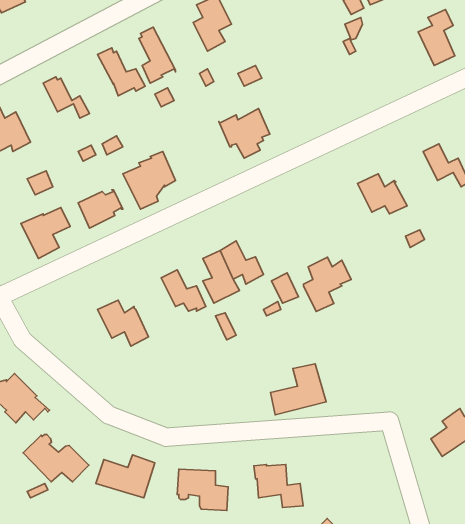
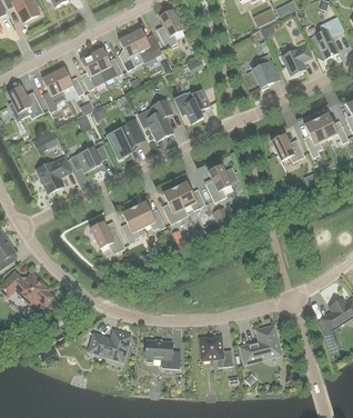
building: none -> [129,27,162,61]
building: none -> [280,43,312,74]
building: none -> [81,50,104,90]
building: none -> [253,53,280,89]
building: none -> [42,70,65,111]
building: none -> [139,99,173,140]
building: none -> [304,118,326,157]
building: [303,257,351,311] -> [205,163,239,201]
building: none -> [122,206,144,243]
building: [270,364,326,415] -> [242,326,281,361]
building: [23,434,89,482] -> none

